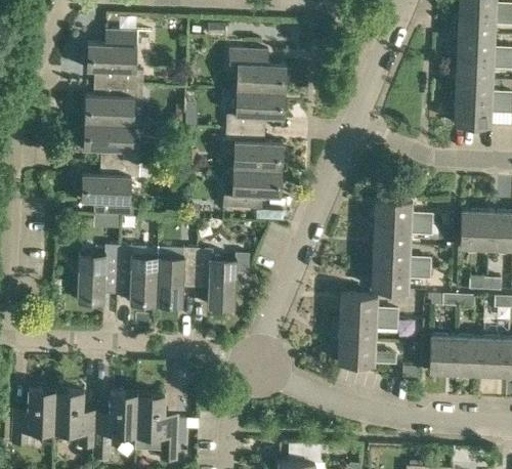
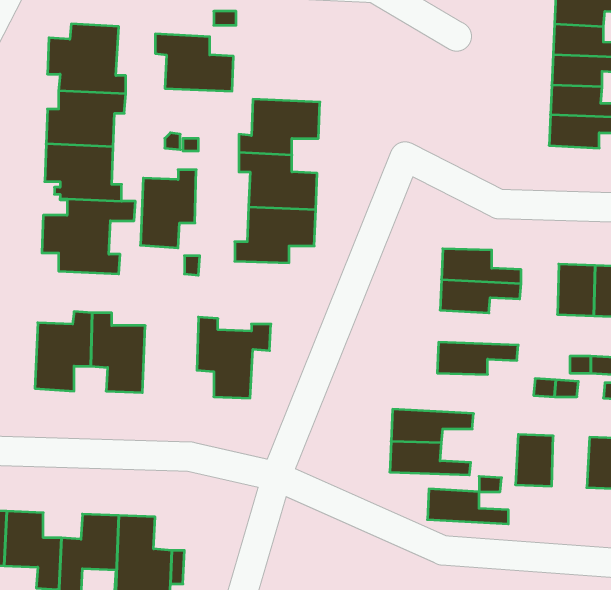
building: [229,49,287,91] -> [155,34,233,91]
building: [373,244,431,269] -> none
building: [156,249,197,306] -> [140,170,196,248]
building: [339,294,398,319] -> [427,489,508,524]
building: [456,336,483,374] -> none

